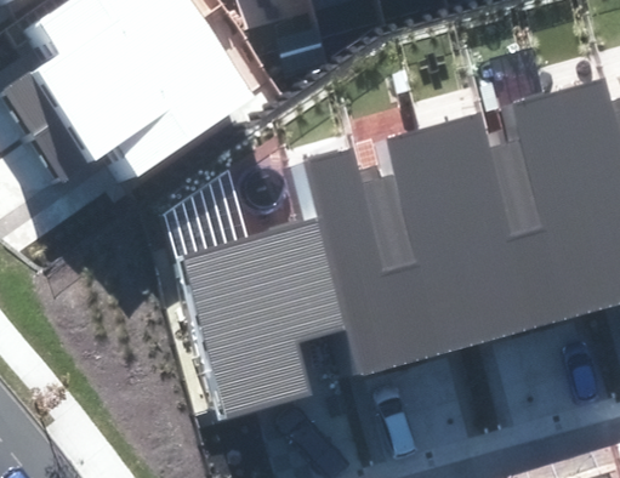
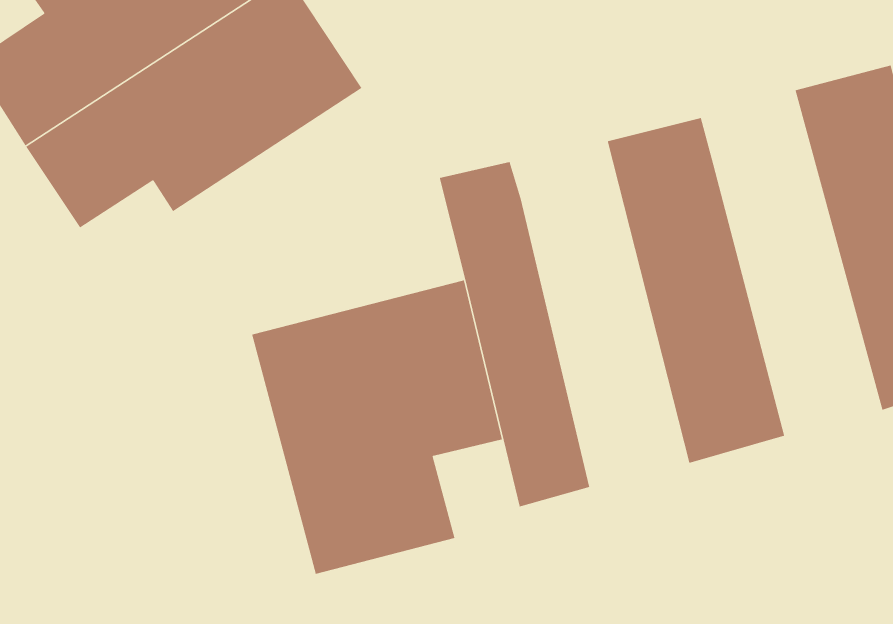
building: [488,97,599,328] -> none
building: [359,131,471,362] -> none

